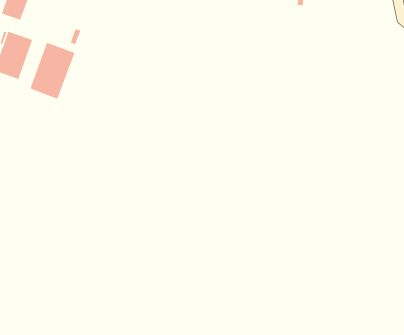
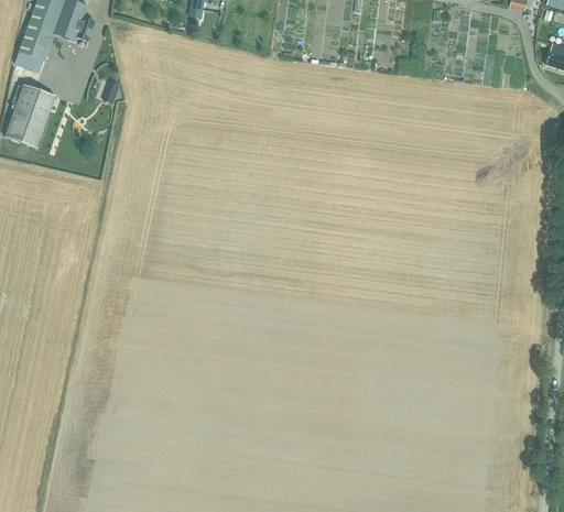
building: [30,42,76,100] -> none

